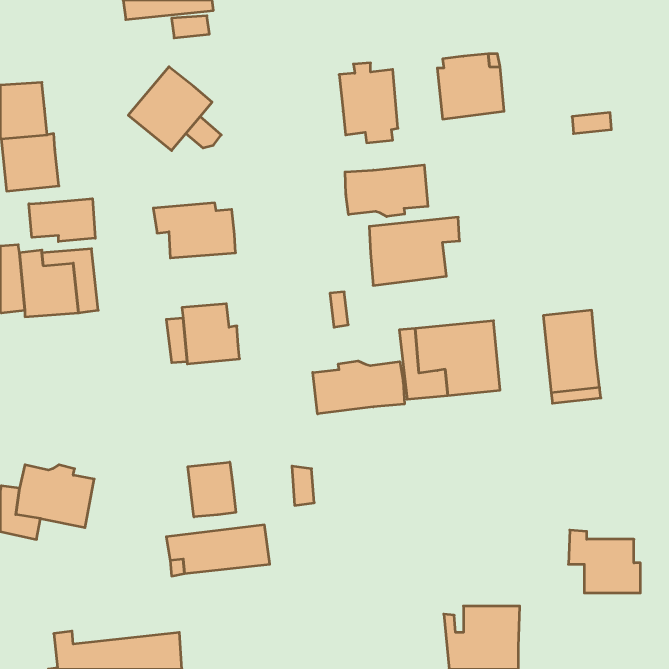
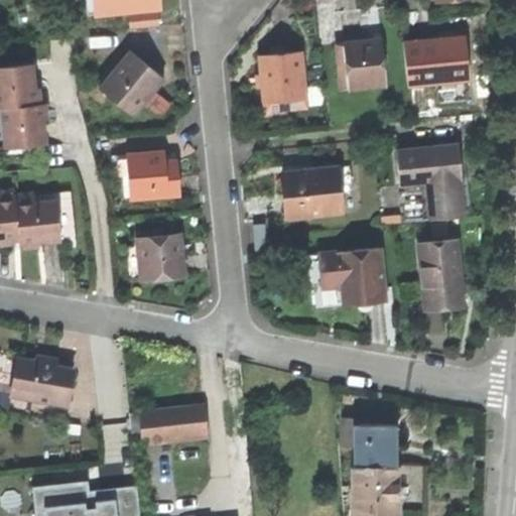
building: none -> [405,37,472,87]
building: [345,165,428,217] -> none
building: none -> [399,144,467,222]
building: [29,199,95,242] -> none
building: [313,361,404,414] -> none
building: [188,462,236,517] -> none
building: [568,530,640,593] -> [345,418,400,467]

